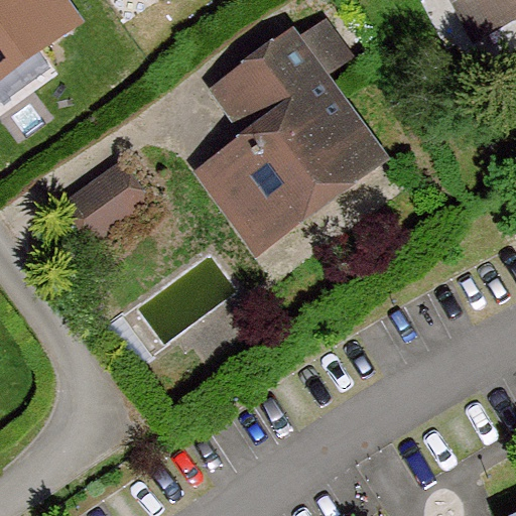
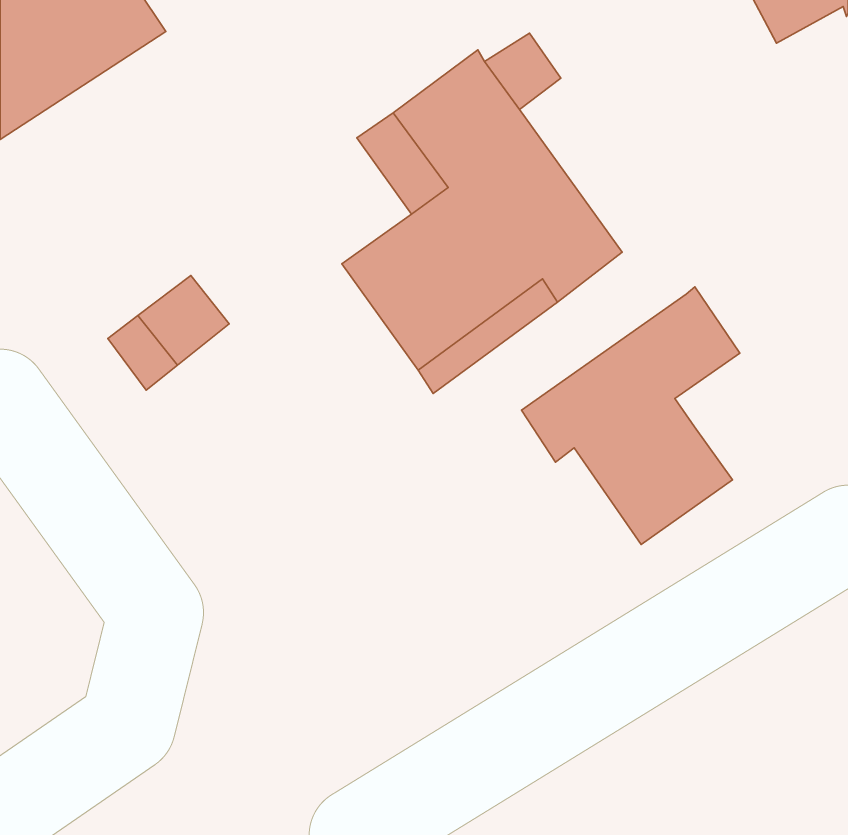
building: none -> [522,287,740,545]

